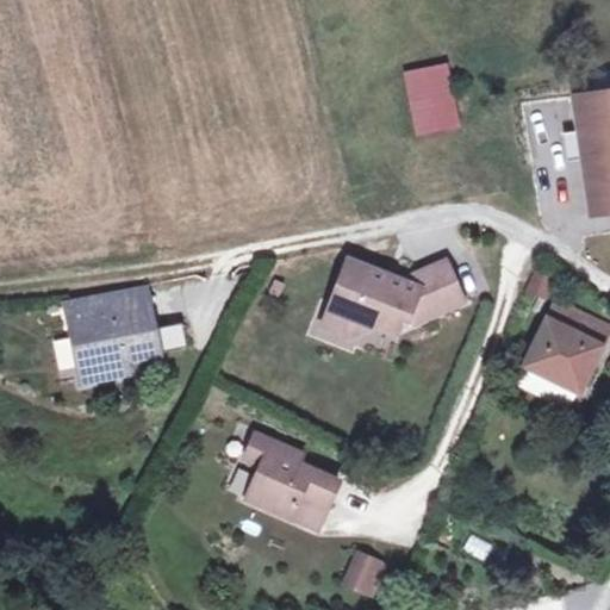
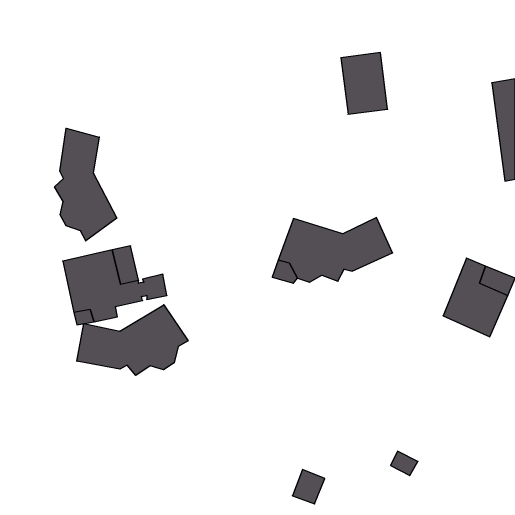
building: none -> [55,128,117,241]
building: none -> [77,305,188,375]
building: [241,434,336,528] -> none

